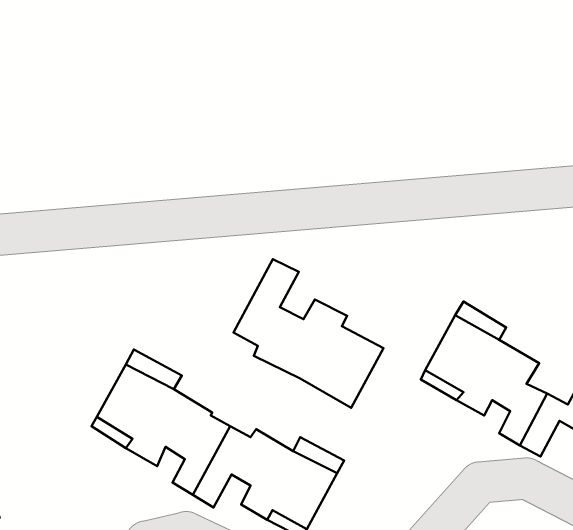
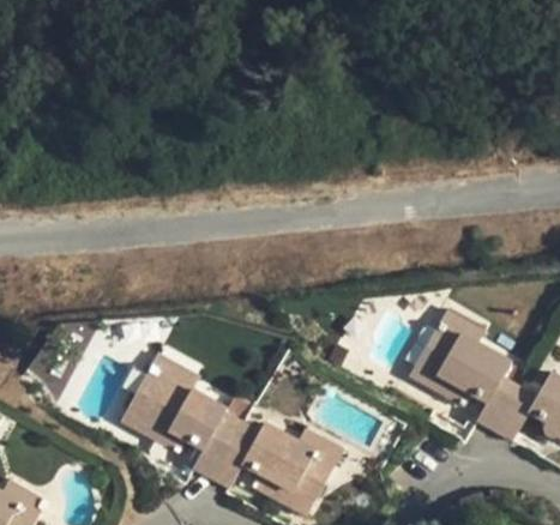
building: [233,259,384,408] -> none

